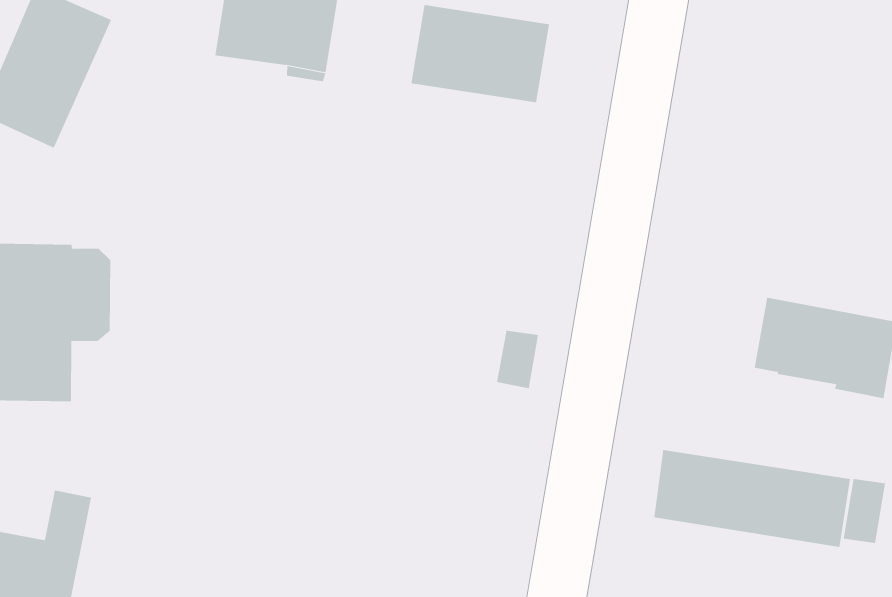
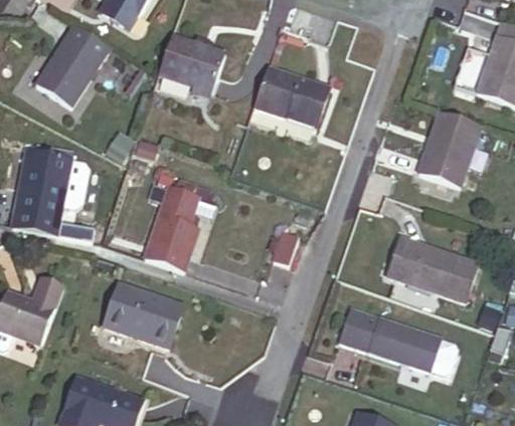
building: none -> [419,112,479,186]
building: none -> [145,178,198,270]
building: none -> [106,283,183,348]

